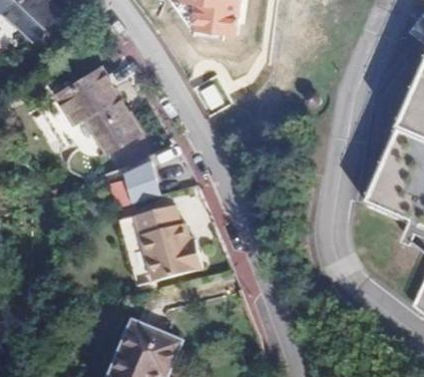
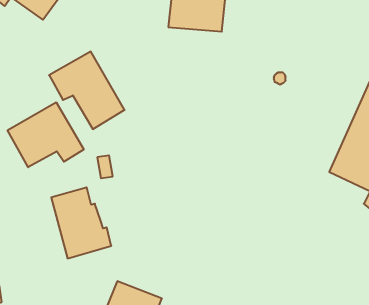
building: none -> [8,102,84,167]
building: [120,161,156,203] -> none
building: [132,202,198,280] -> [51,187,111,258]

